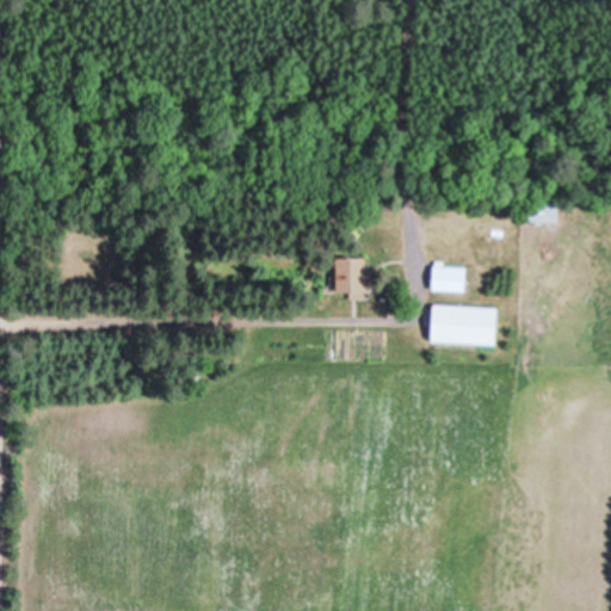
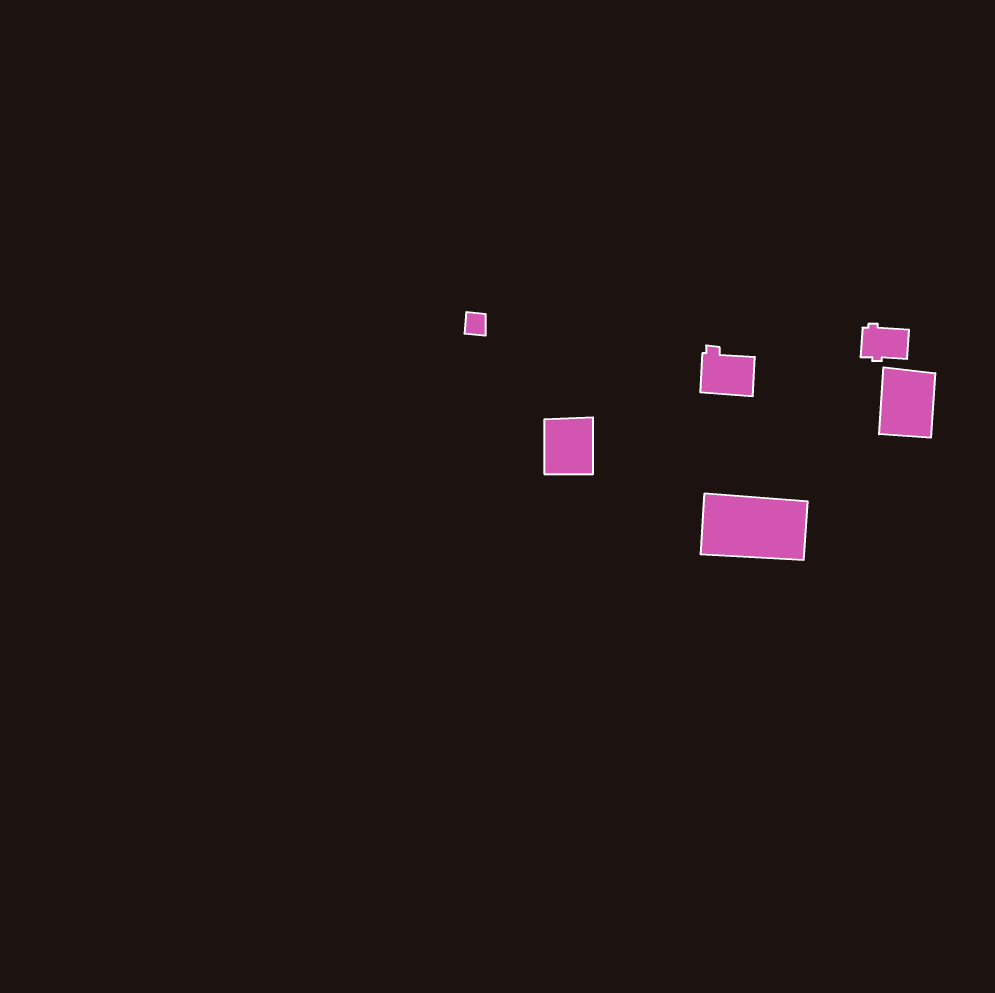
building: none -> [879,367,935,438]
building: [431,261,464,292] -> [700,345,755,396]

